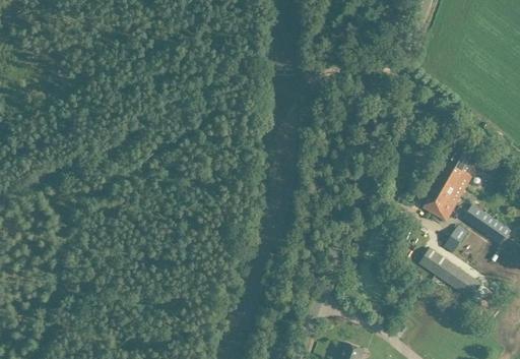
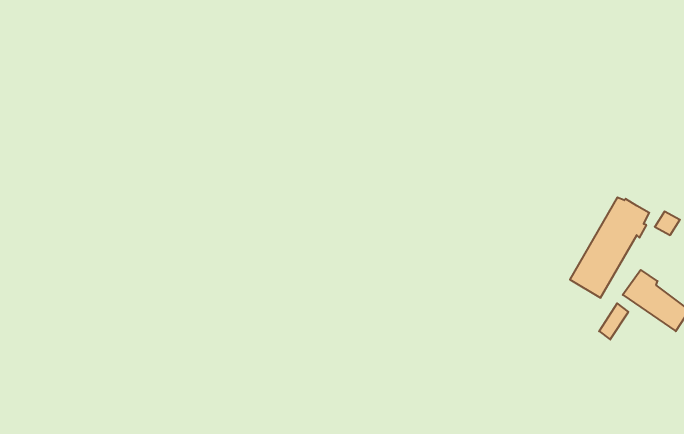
building: [421,250,482,299] -> none

